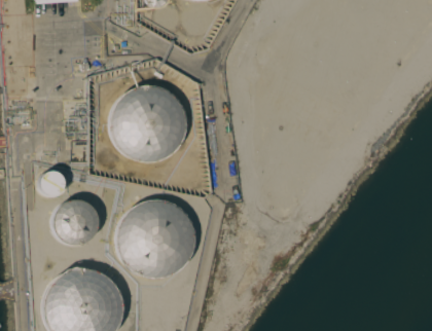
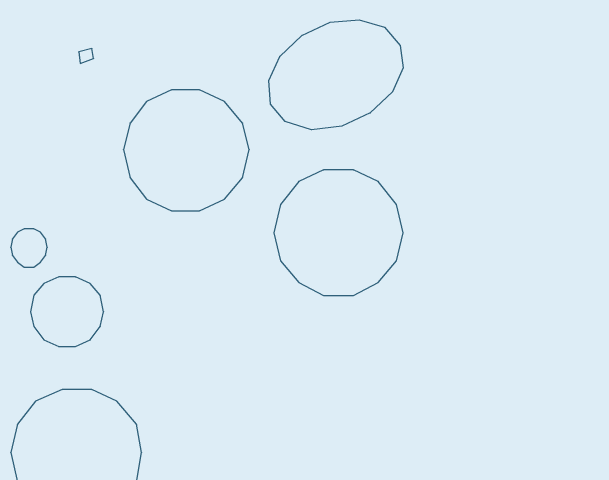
building: none -> [269,20,403,130]
building: [115,203,195,281] -> [274,170,403,296]

